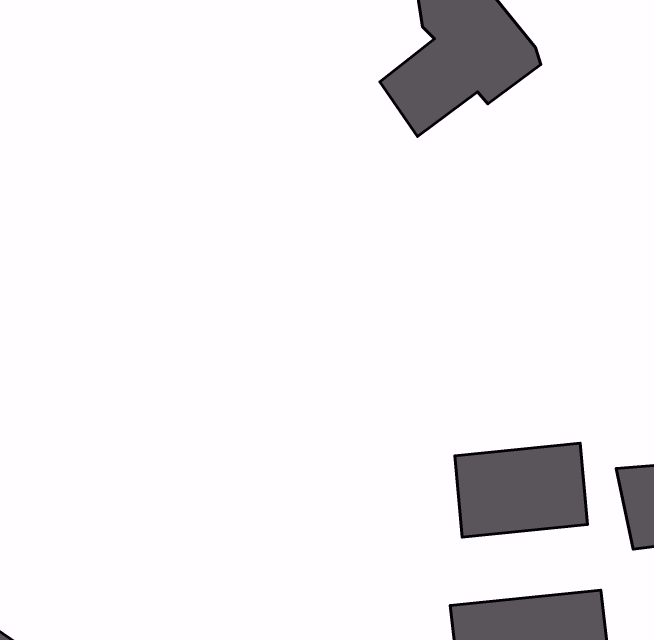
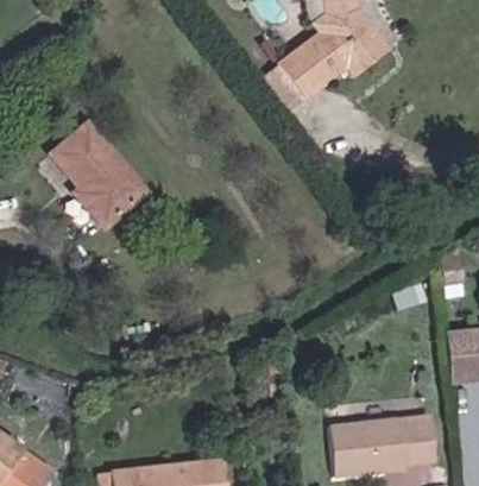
building: none -> [46,120,152,233]
building: [455,443,588,537] -> none

